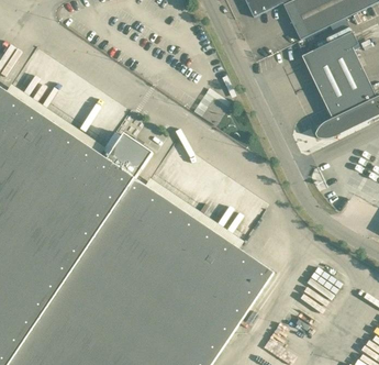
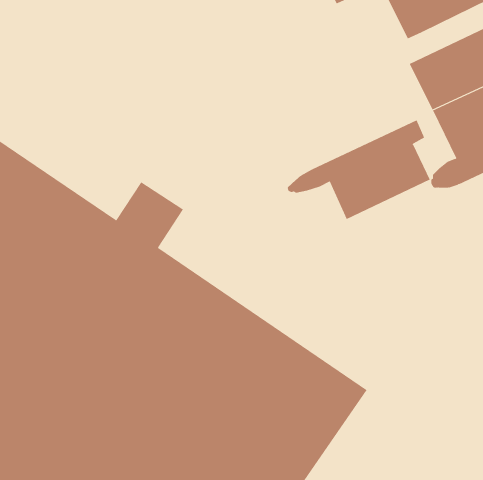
building: none -> [287,119,431,220]

